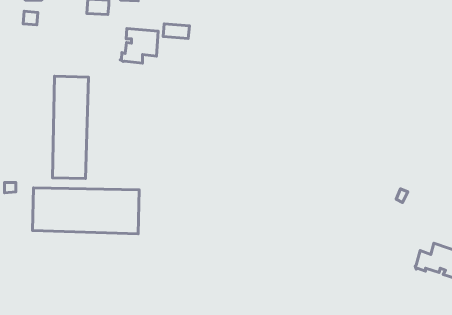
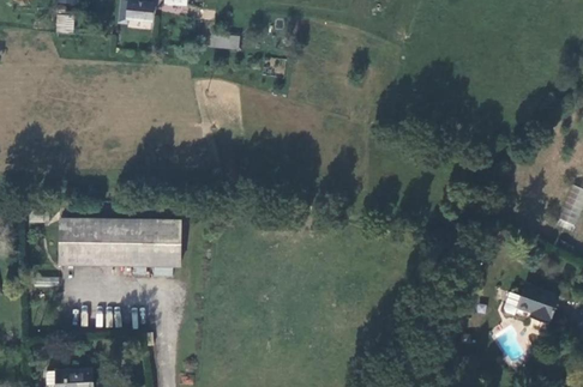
building: [120,29,158,63] -> none
building: [53,76,88,179] -> none

